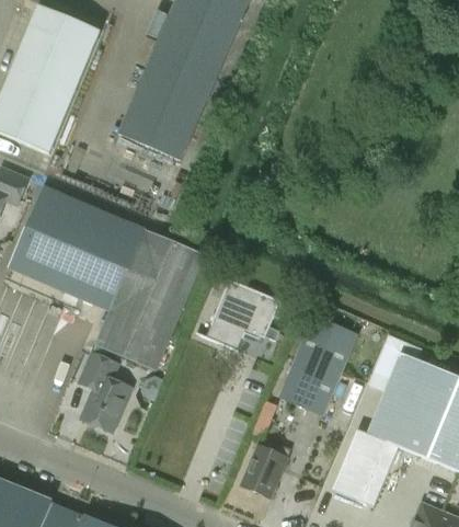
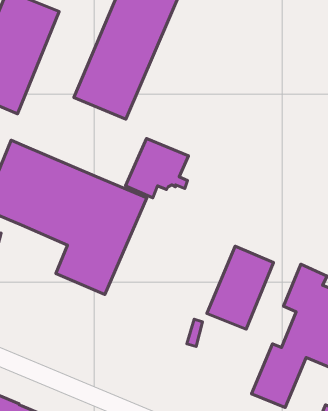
building: [205,280,280,352] -> [125,138,188,198]
building: [80,354,131,432] -> none
building: [241,445,291,499] -> none

